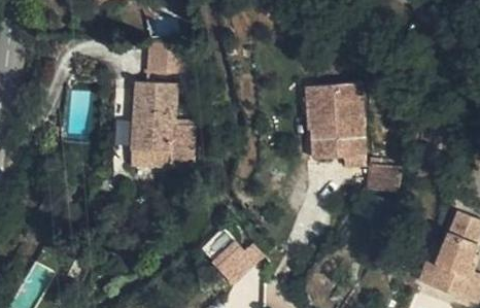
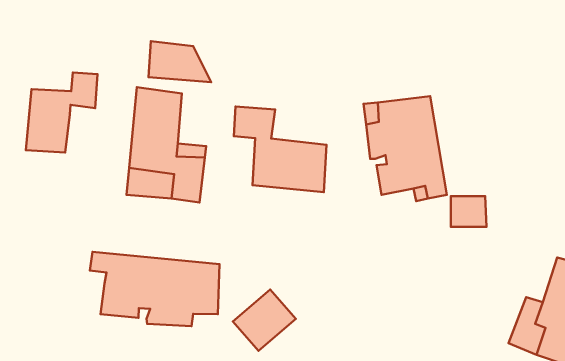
building: none -> [26,73,98,152]
building: none -> [234,107,326,192]
building: none -> [90,252,219,326]

